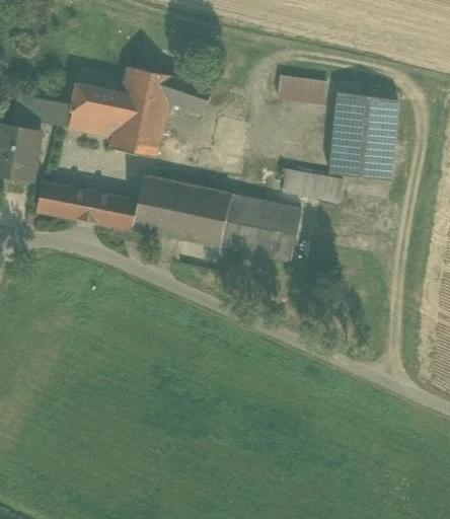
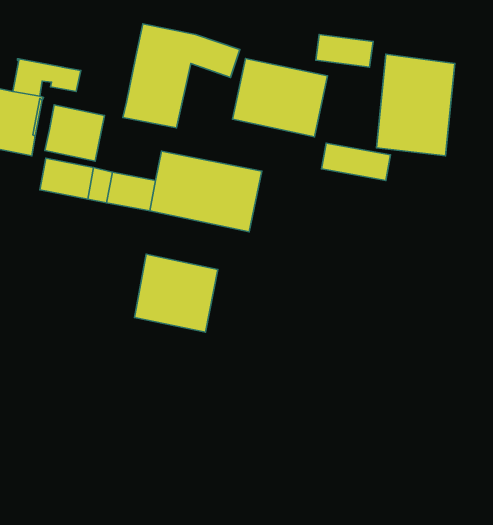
building: [69,85,121,134] -> [45,105,104,161]
building: [219,194,301,262] -> [233,58,327,137]
building: none -> [135,254,218,332]

